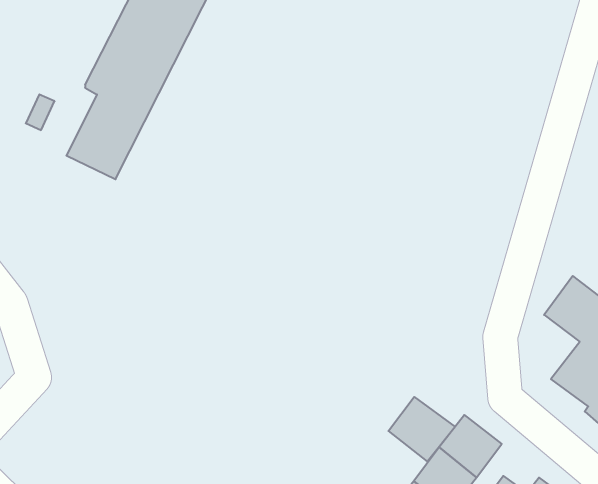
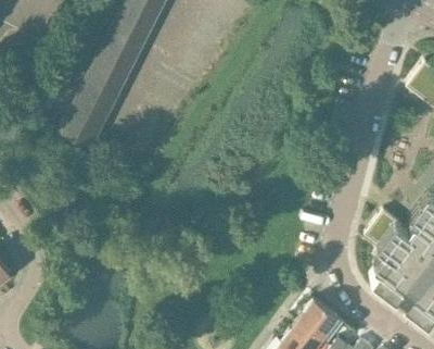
building: [388,397,455,461] -> none

